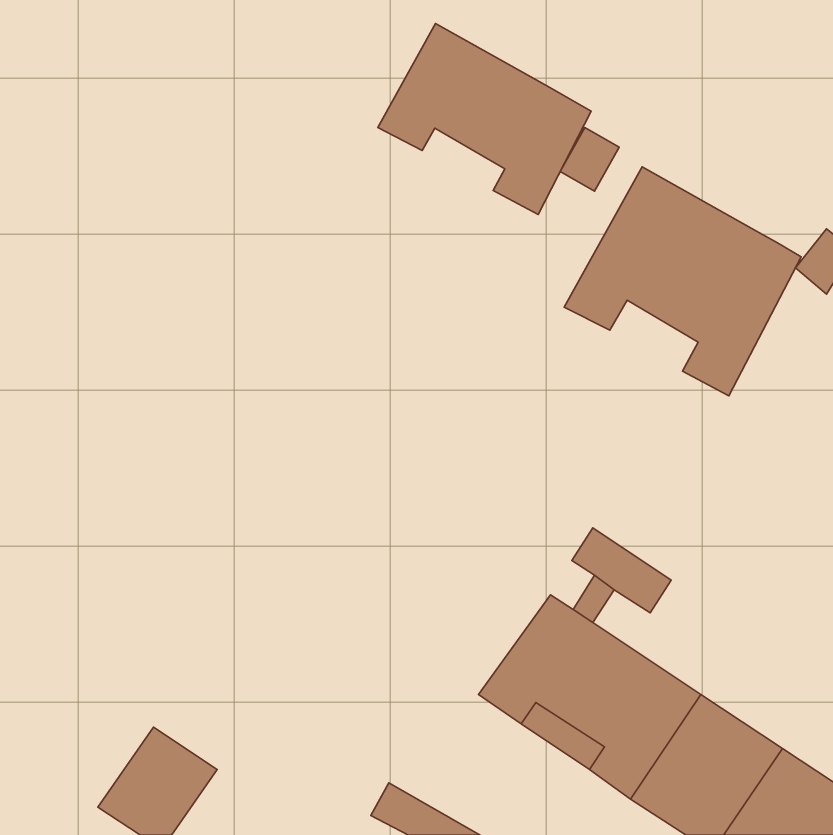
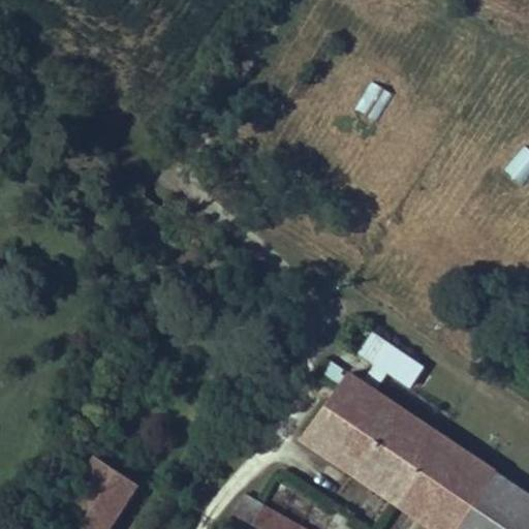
building: [378,24,591,215] -> none
building: [564,167,801,396] -> none

